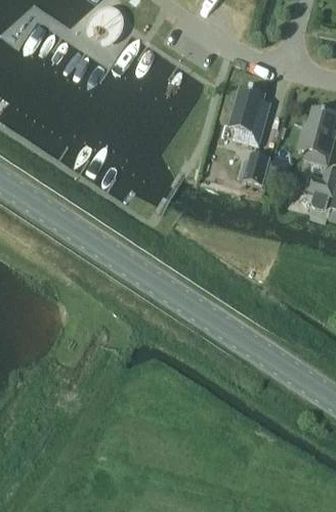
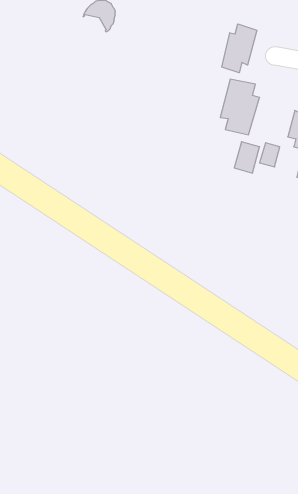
building: none -> [222,24,257,73]

